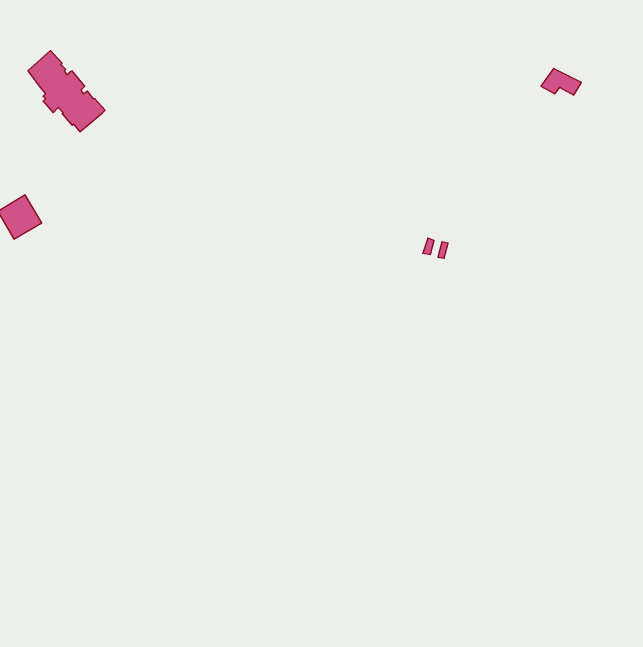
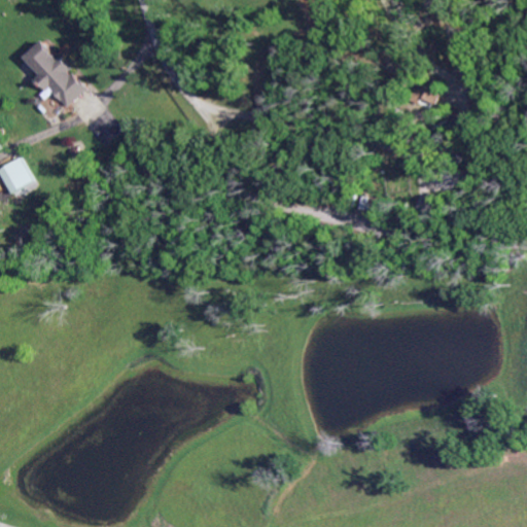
building: [541,68,581,95] -> [407,83,440,105]

